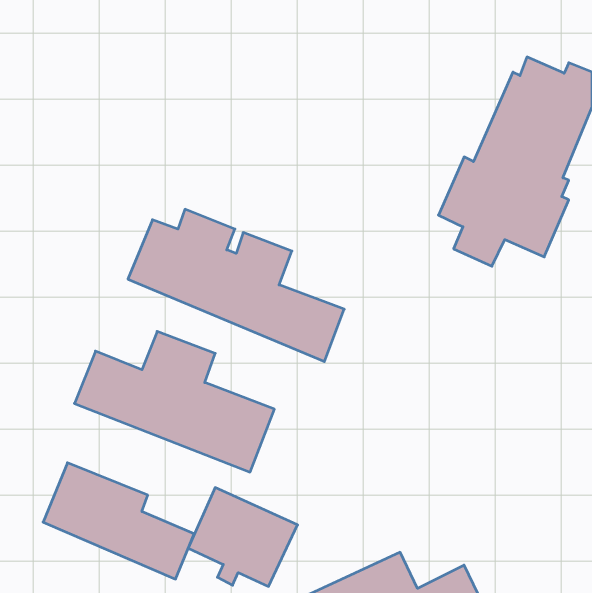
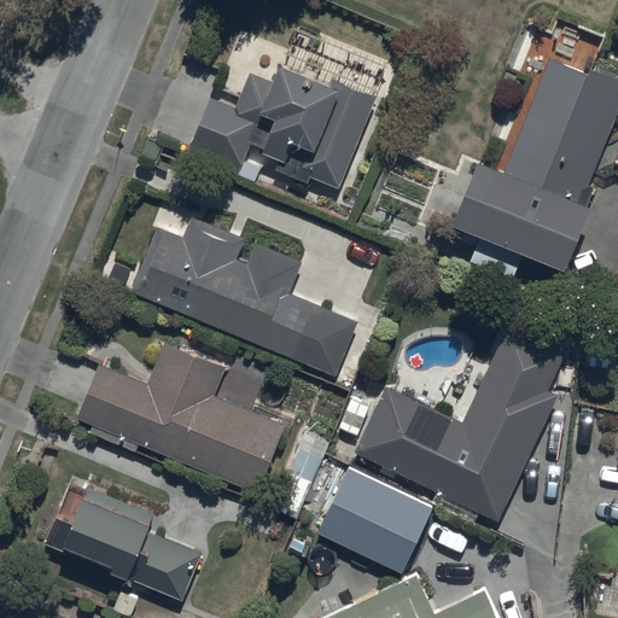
building: none -> [190,66,375,188]
building: none -> [354,328,564,520]
building: [188,488,298,586] -> [319,470,432,572]

